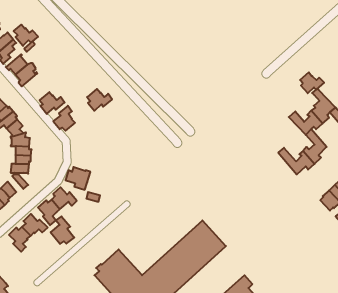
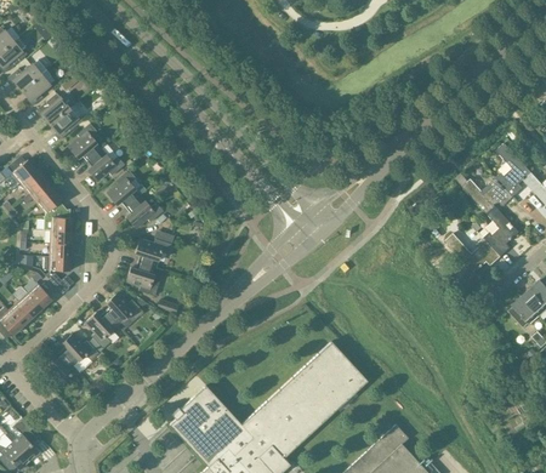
building: [14,25,38,46] -> none
building: [300,72,324,93] -> none
building: none -> [68,124,101,161]
building: [87,89,112,111] -> [125,195,163,228]
building: none -> [135,230,174,268]
building: [51,216,74,244] -> none

